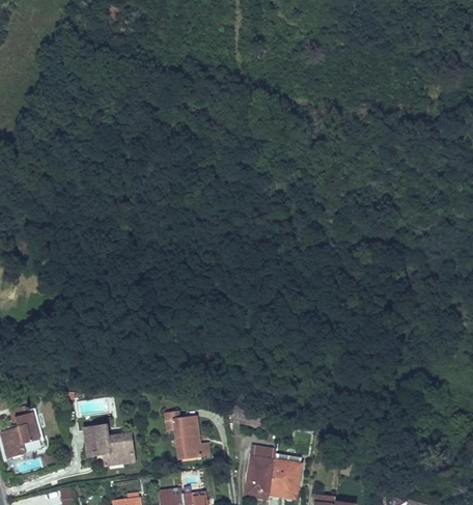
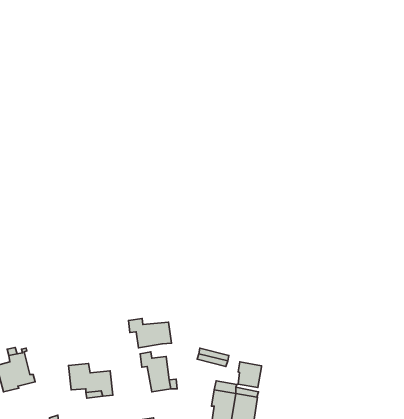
building: none -> [129,319,171,348]
building: none -> [238,362,262,387]

